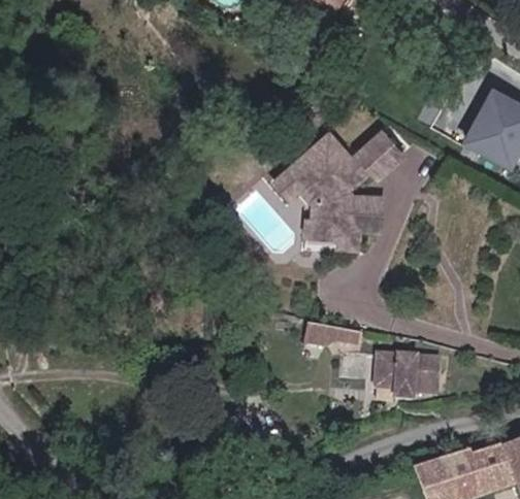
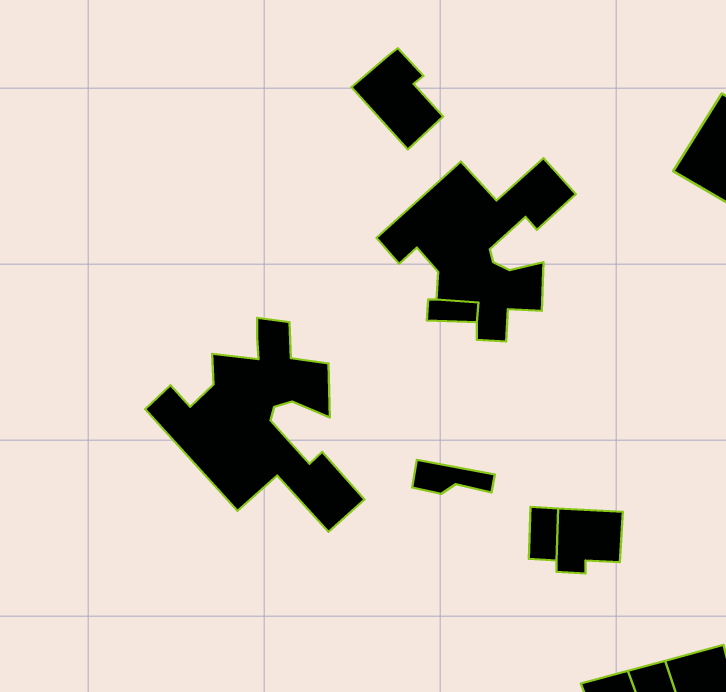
building: none -> [352,48,443,149]
building: none -> [145,318,365,532]

